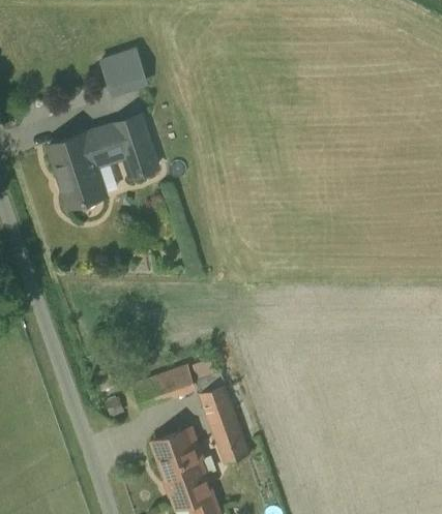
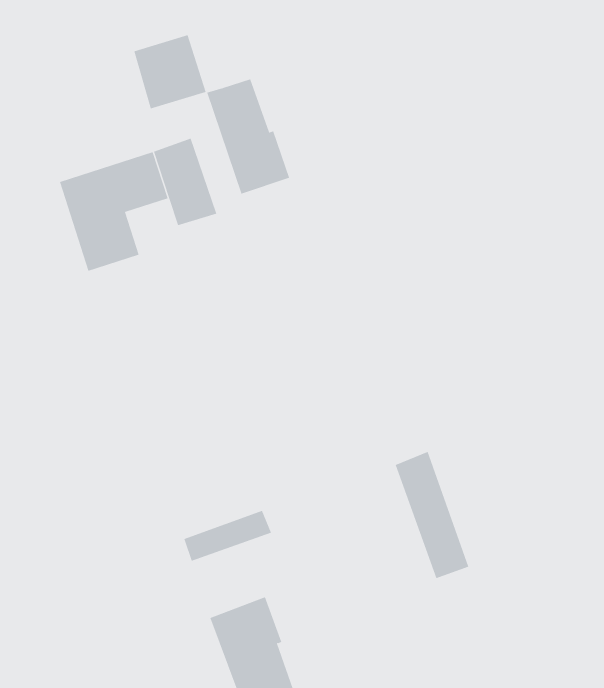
building: none -> [206,78,290,195]
building: [196,375,246,462] -> [395,451,469,579]

